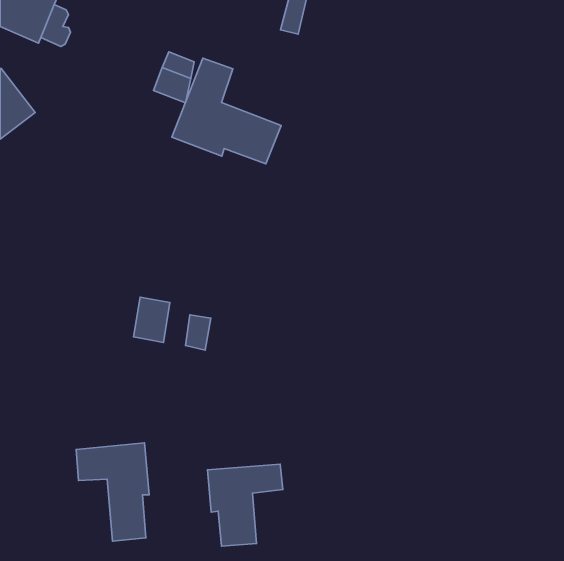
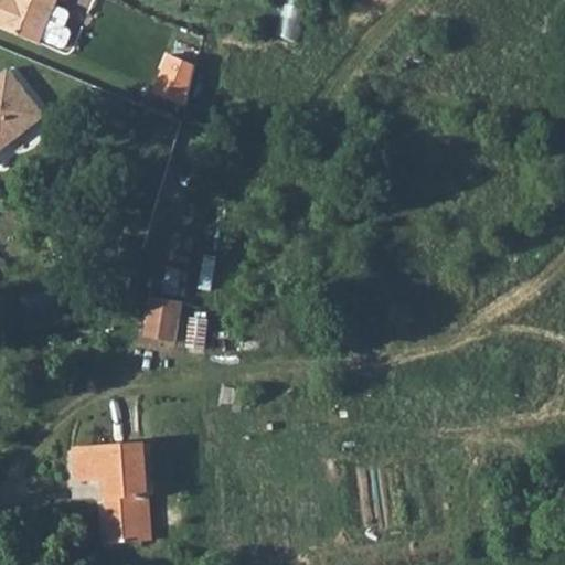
building: [172,58,281,164] -> none
building: [208,464,283,546] -> none

